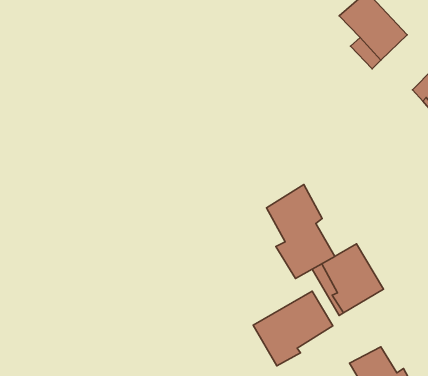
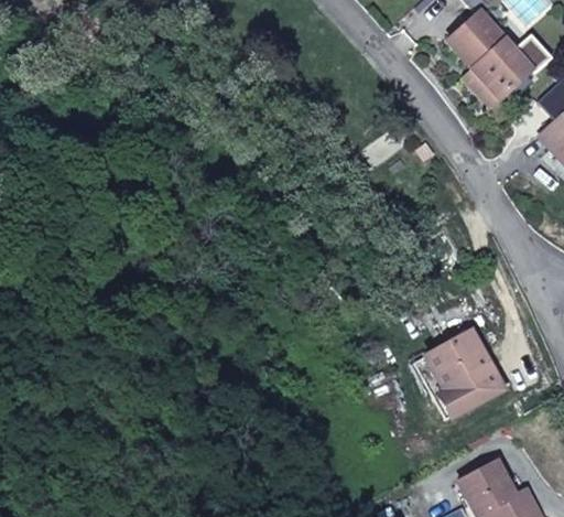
building: [266,185,335,279] -> none
building: [253,291,333,366] -> none

